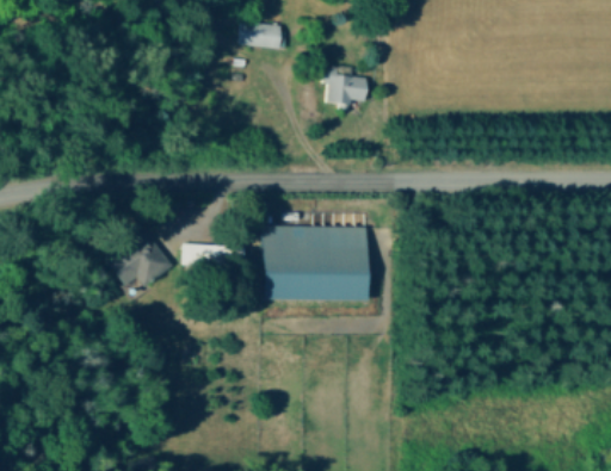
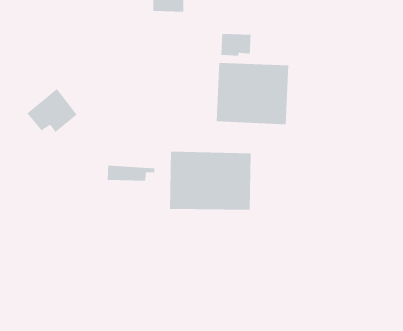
building: none -> [216,62,289,125]
building: [107,231,173,289] -> [26,88,78,133]

